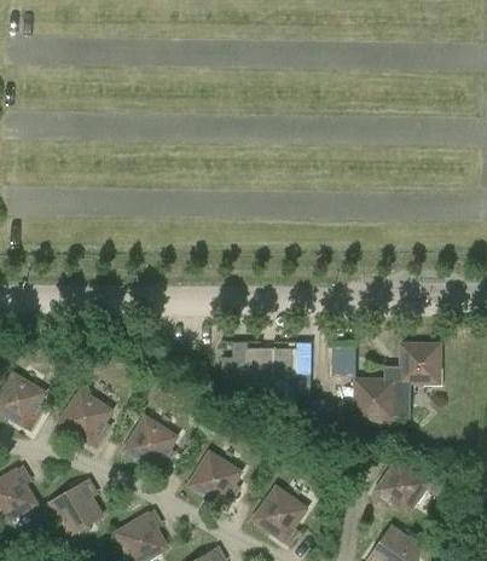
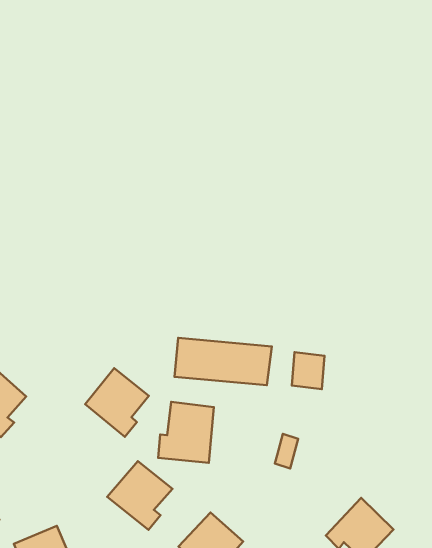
building: [355,342,439,416] -> none
building: none -> [158,402,214,463]
building: [124,416,176,472] -> [85,368,149,437]

